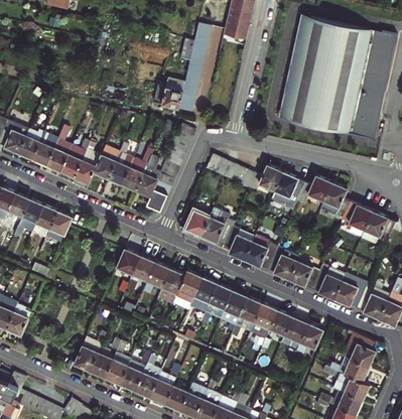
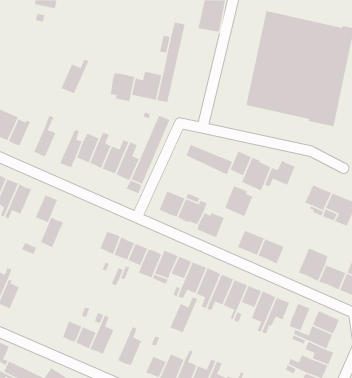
building: none -> [110,72,135,102]
building: [33,134,59,167] -> none
building: [60,141,92,179] -> [60,59,89,94]
building: [318,182,349,222] -> none
building: [34,206,60,241] -> [40,216,64,248]
building: [245,236,277,270] -> [224,185,254,217]
building: [310,262,344,297] -> none
building: none -> [289,303,311,331]
building: [123,352,154,392] -> [169,296,198,334]
building: [153,372,179,405] -> none

